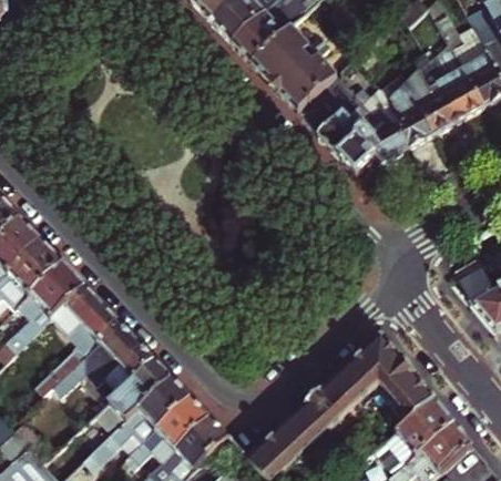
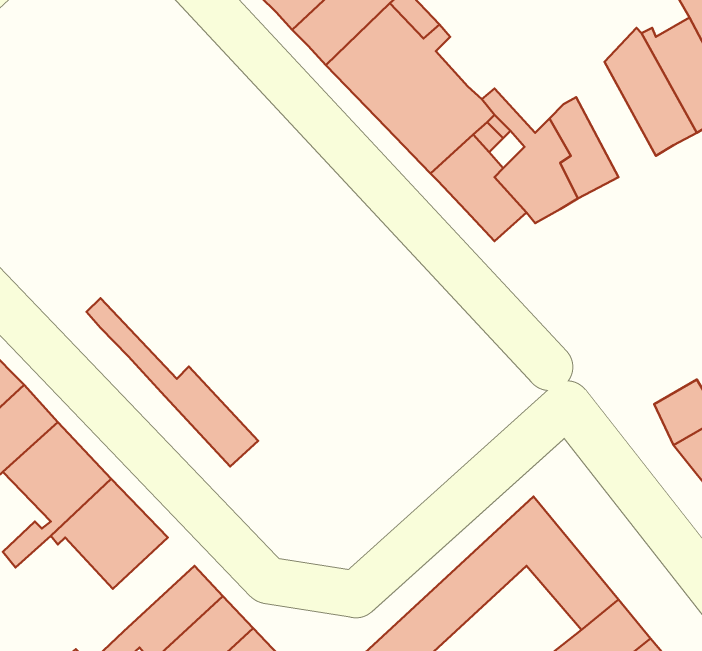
building: [408,65,459,137] -> none
building: none -> [86,298,258,466]
building: [110,362,171,421] -> none

